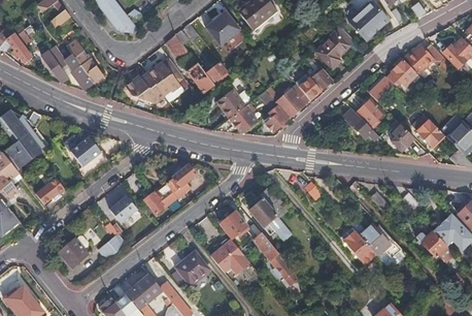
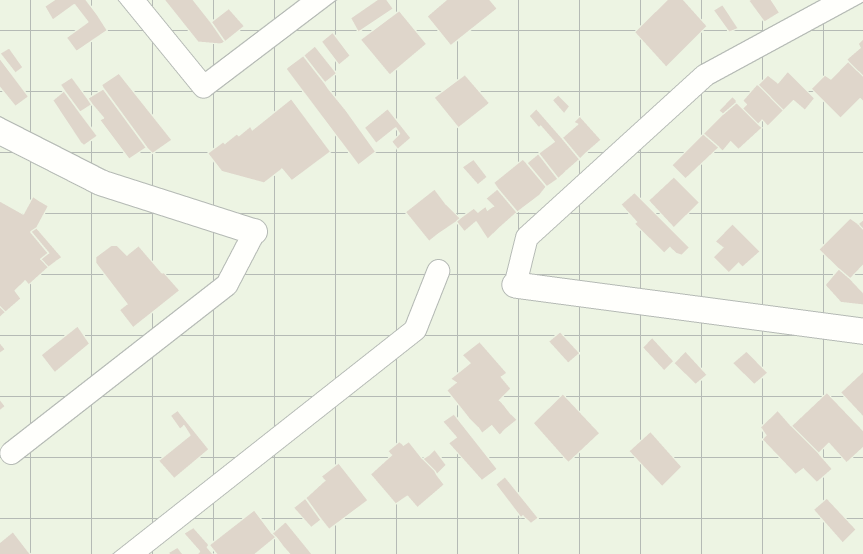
building: [316,26,353,68] -> none
building: [215,90,245,119] -> [434,74,491,129]
building: [416,119,444,147] -> none
building: [143,164,196,214] -> none
building: [109,194,136,222] -> none
building: [216,212,246,238] -> none
building: [358,218,393,254] -> [533,394,600,462]
building: [59,235,89,267] -> none

